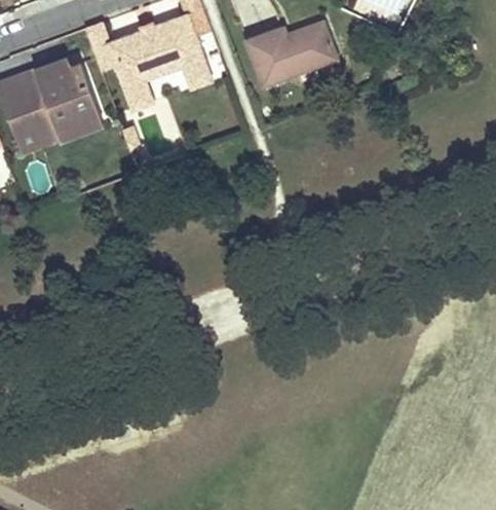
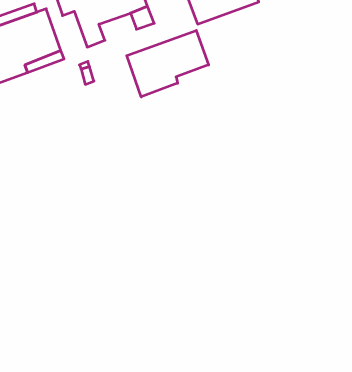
building: none -> [127,30,209,97]

